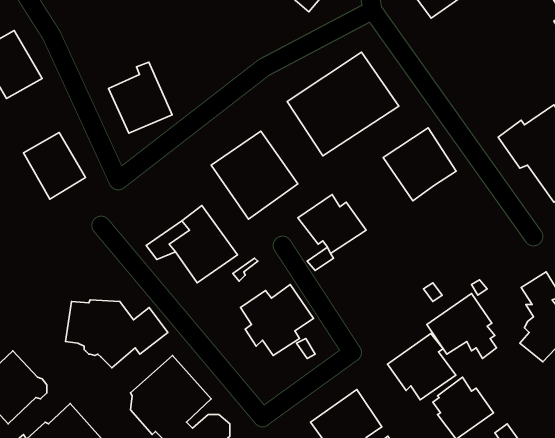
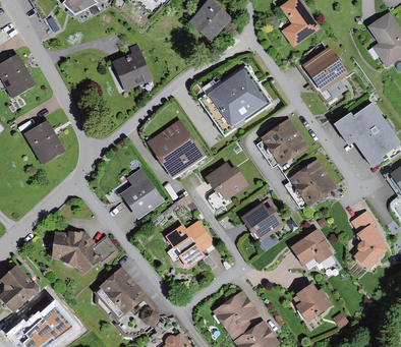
building: none -> [294,42,349,104]
building: [109,62,172,133] -> [111,44,153,91]
building: none -> [289,159,337,207]
building: [387,333,456,400] -> [239,196,284,240]

